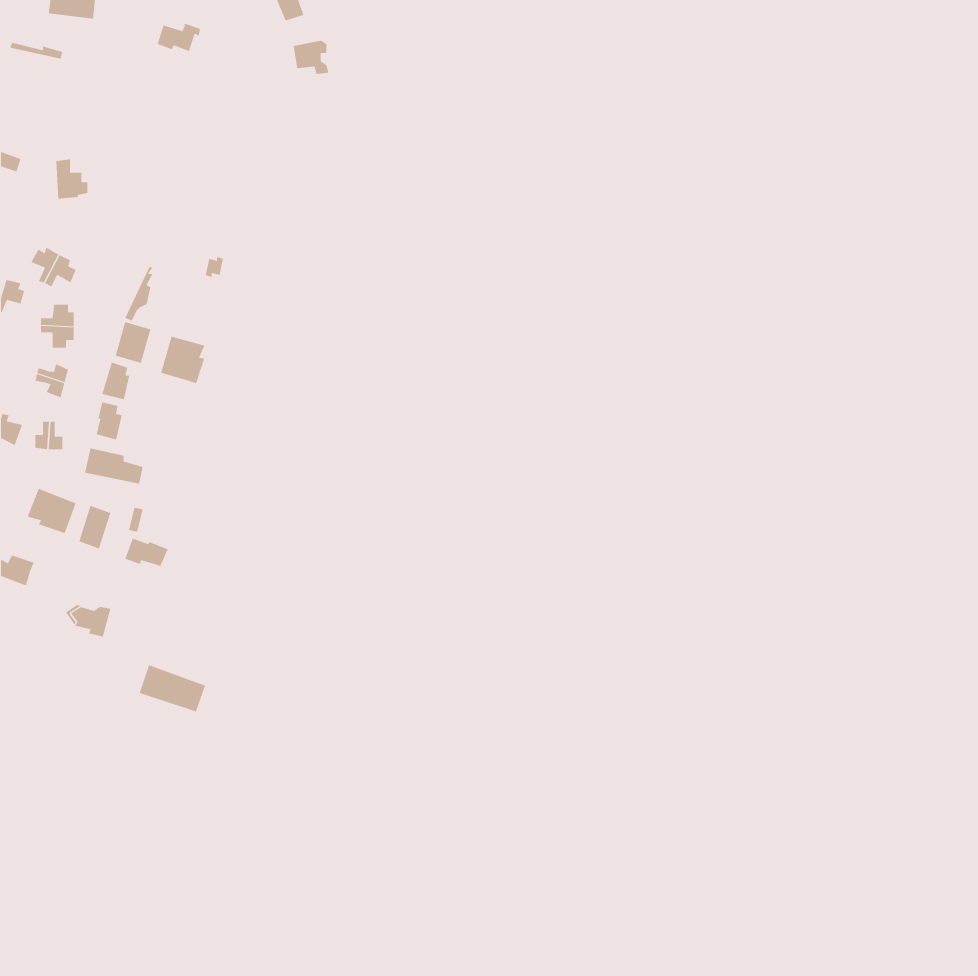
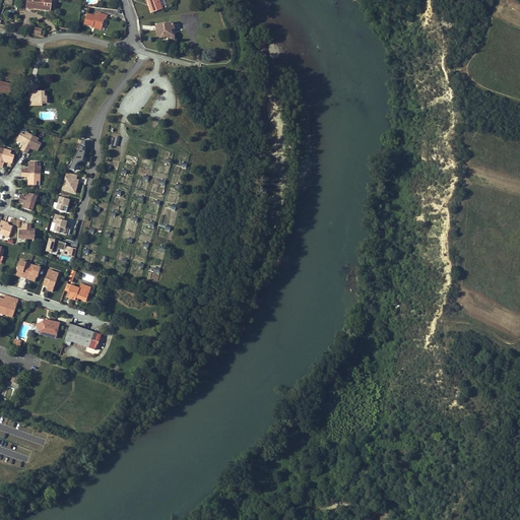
building: [161,336,205,384] -> none
building: [139,664,206,712] -> [65,323,101,348]

